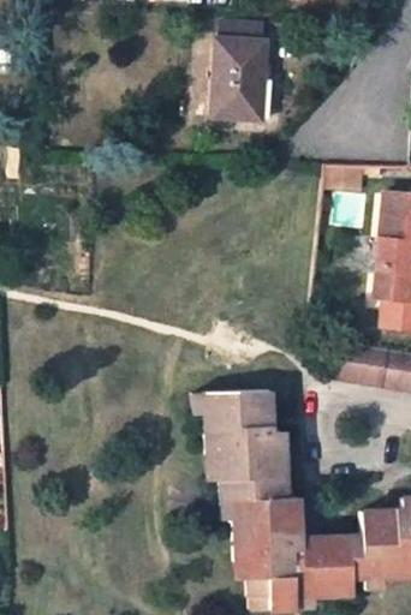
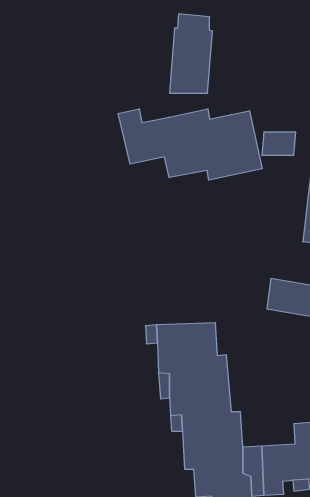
building: none -> [118,109,262,180]

